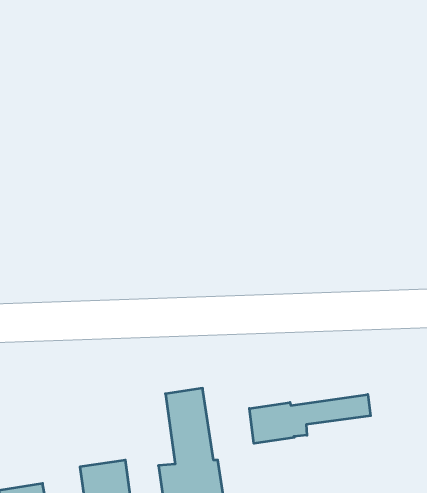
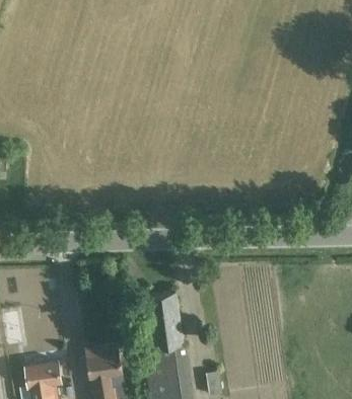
building: [249,394,371,443] -> none

